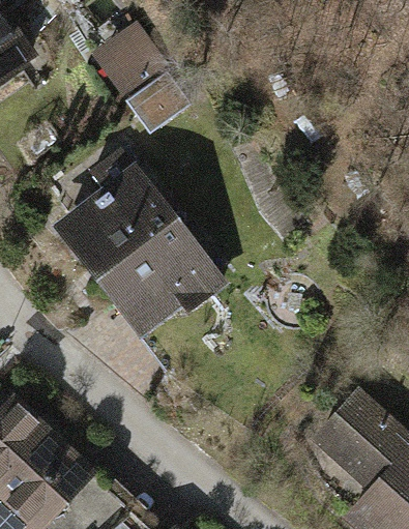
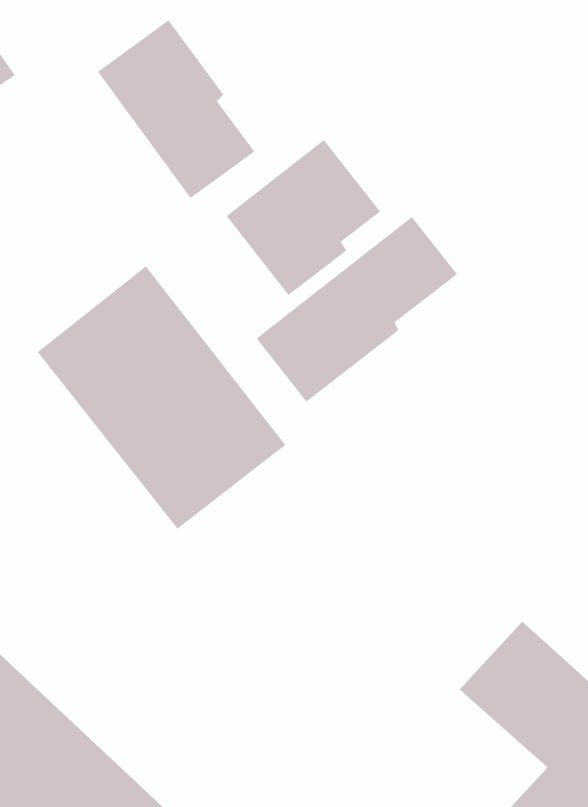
building: none -> [226,139,381,296]
building: none -> [256,216,458,402]

